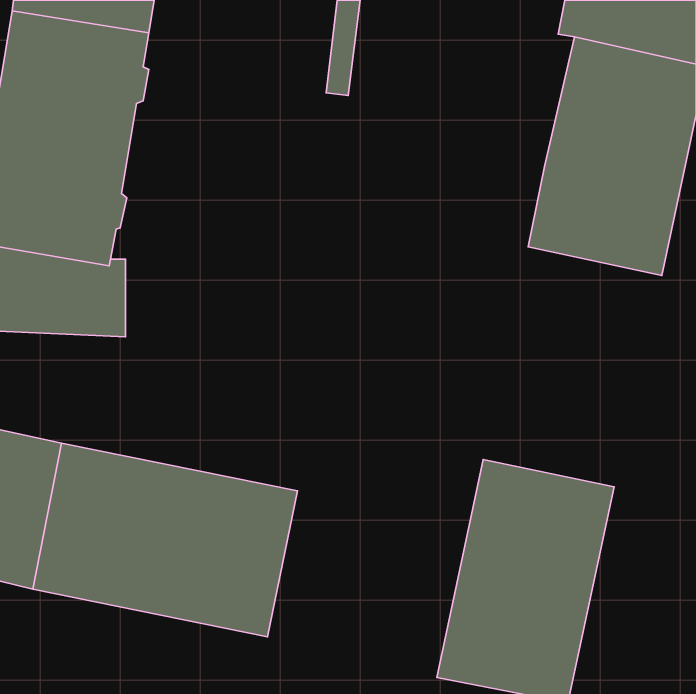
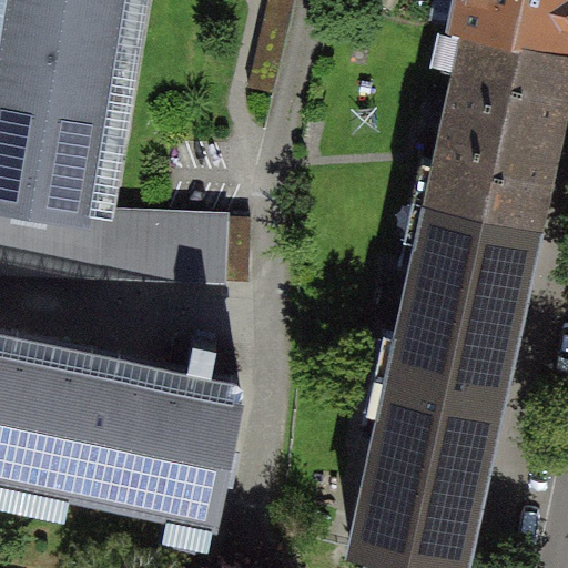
building: none -> [393,203,538,398]
building: none -> [102,213,224,280]

